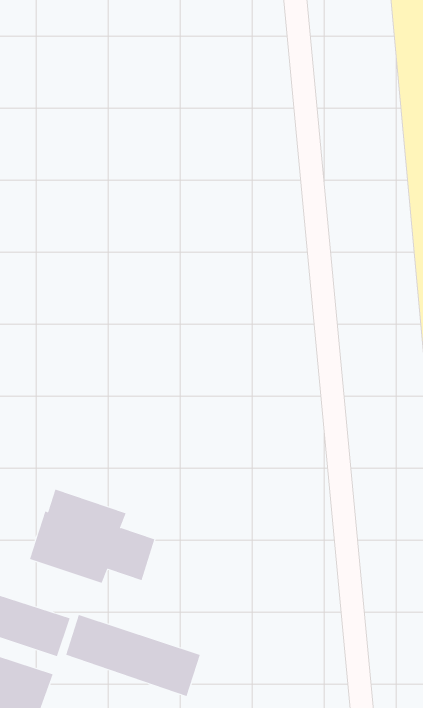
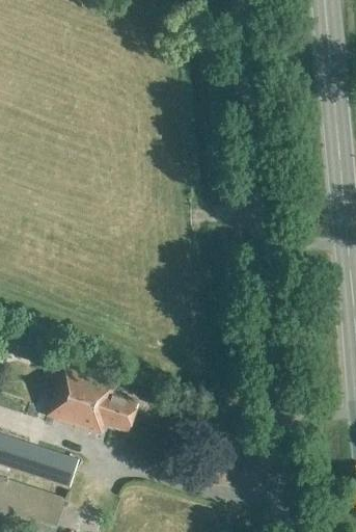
building: [66,614,201,697] -> none

